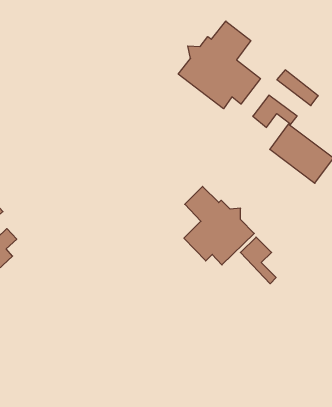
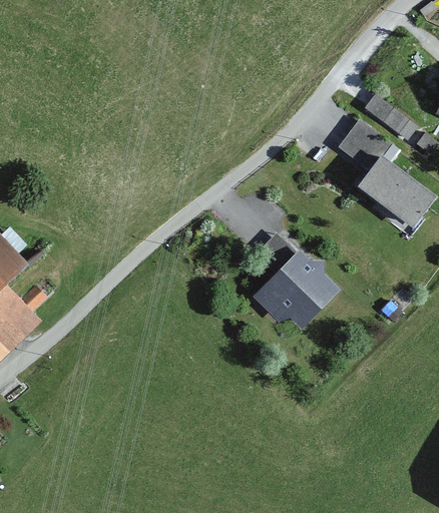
building: [178,21,260,109] -> none
building: [240,237,276,284] -> none

